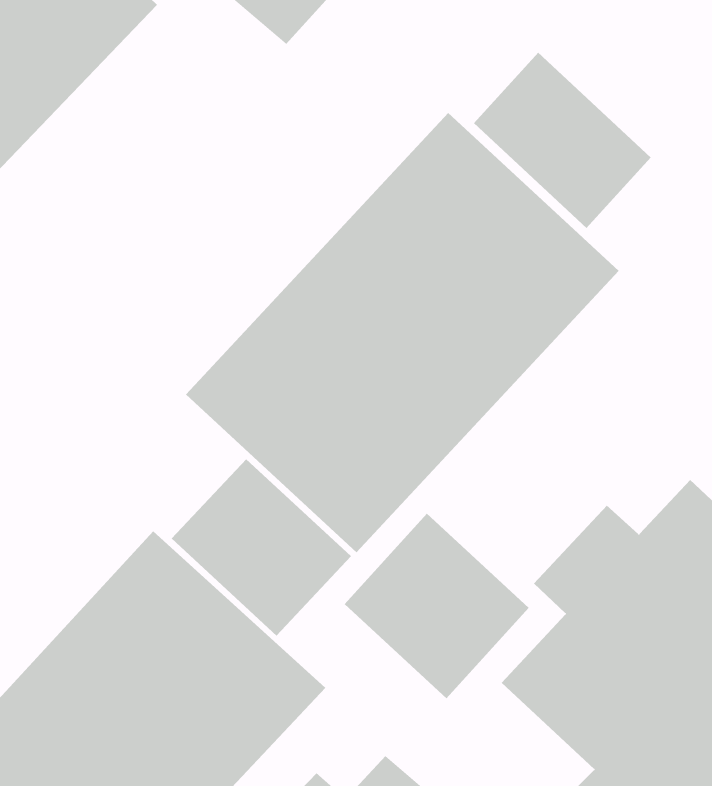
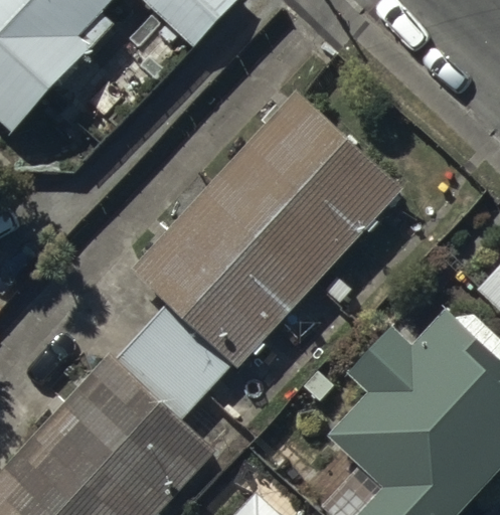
building: [473,52,652,229] -> none
building: [344,513,530,699] -> none

